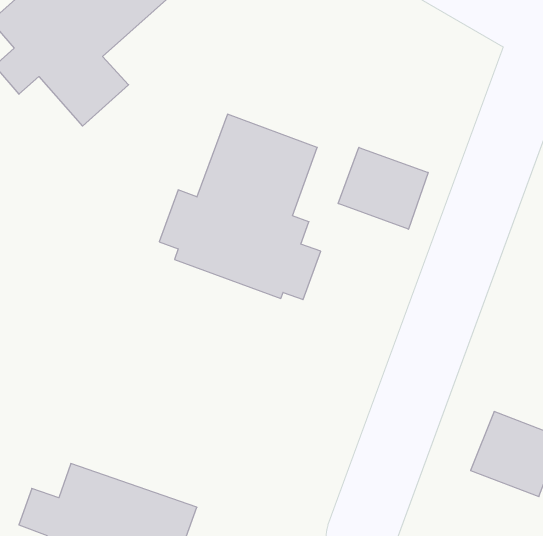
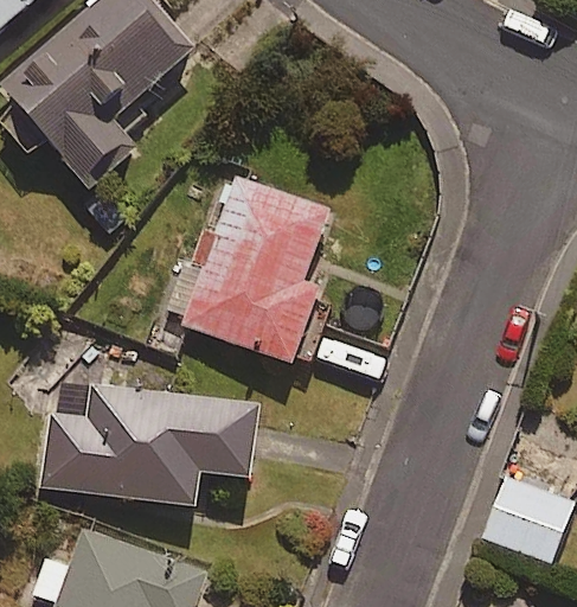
building: [338,147,428,229] -> none
building: none -> [40,379,259,505]

